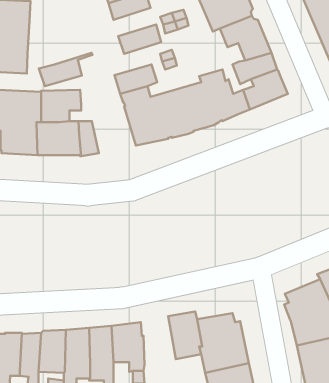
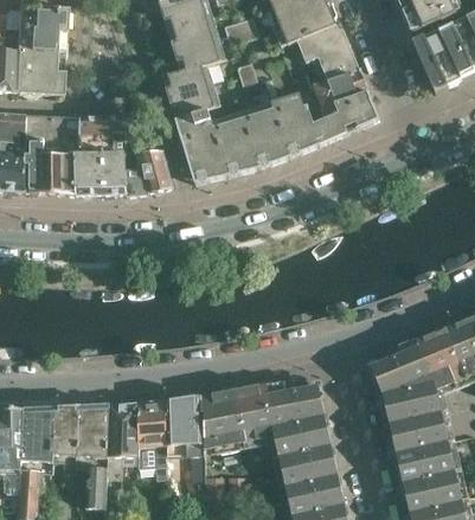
building: none -> [166,14,218,49]
building: [39,53,93,86] -> [160,56,225,96]
building: none -> [140,149,173,191]
building: none -> [199,389,242,448]

